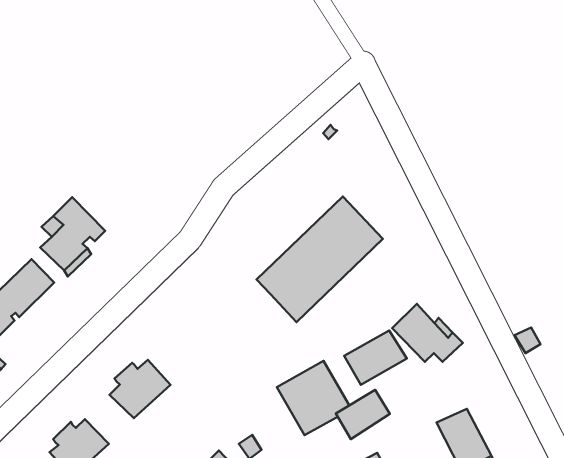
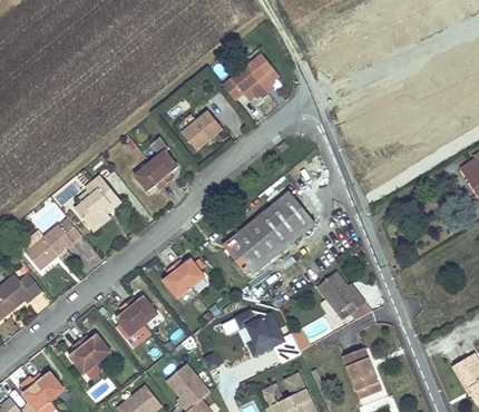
building: none -> [232,55,278,100]
building: none -> [175,110,222,150]
building: none -> [133,136,177,190]
building: none -> [162,257,204,298]
building: [344,331,407,385] -> none

